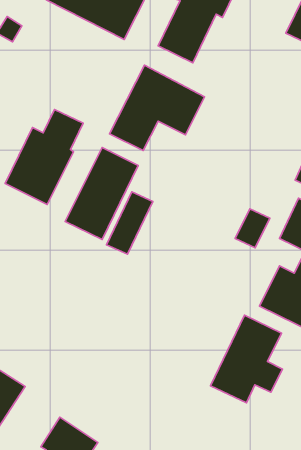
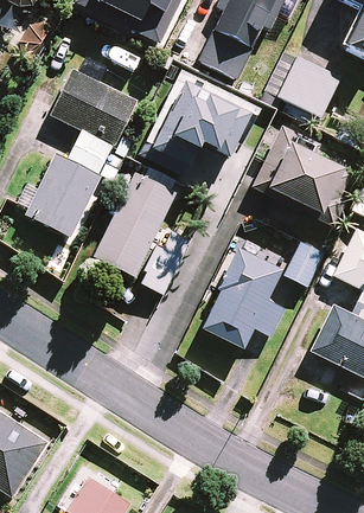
building: none -> [268,57,340,116]
building: none -> [50,69,136,146]
building: none -> [254,126,352,226]
building: [211,315,282,403] -> [203,249,283,347]

